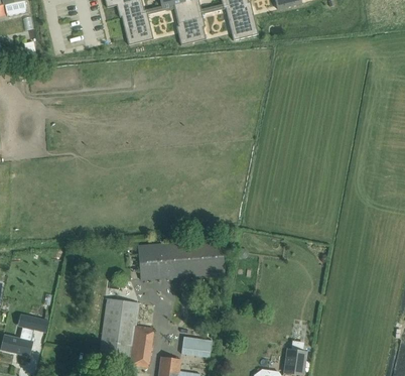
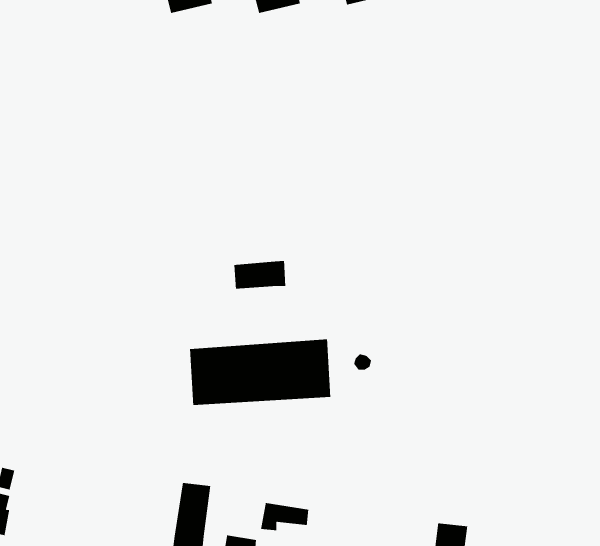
building: none -> [232,260,286,290]
building: [100,296,139,356] -> none

